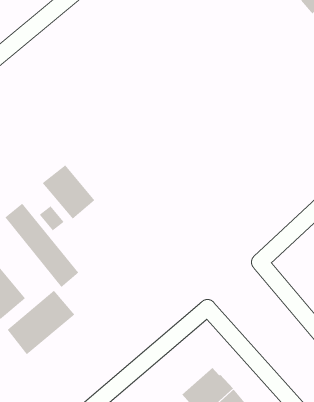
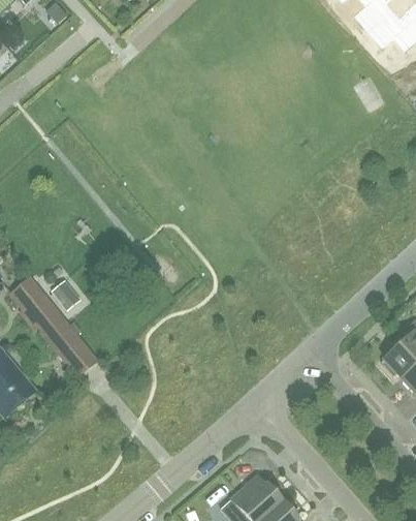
building: [42,165,95,220] -> none
building: [7,290,75,355] -> none

